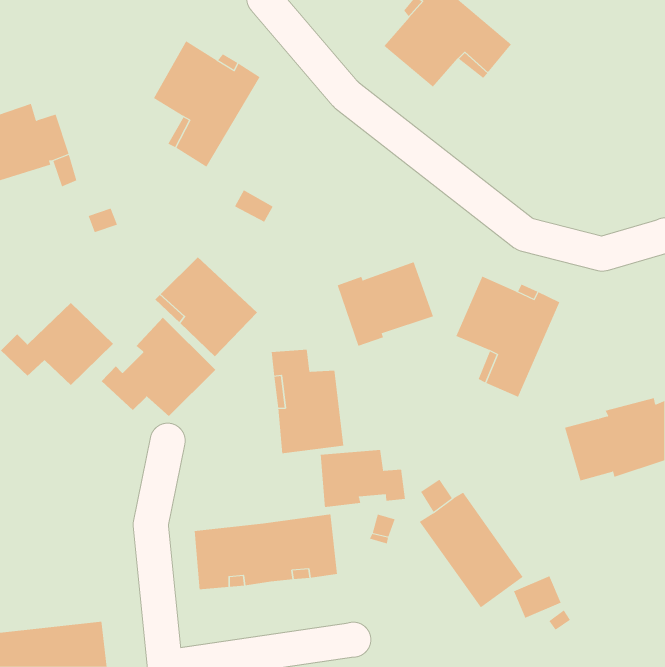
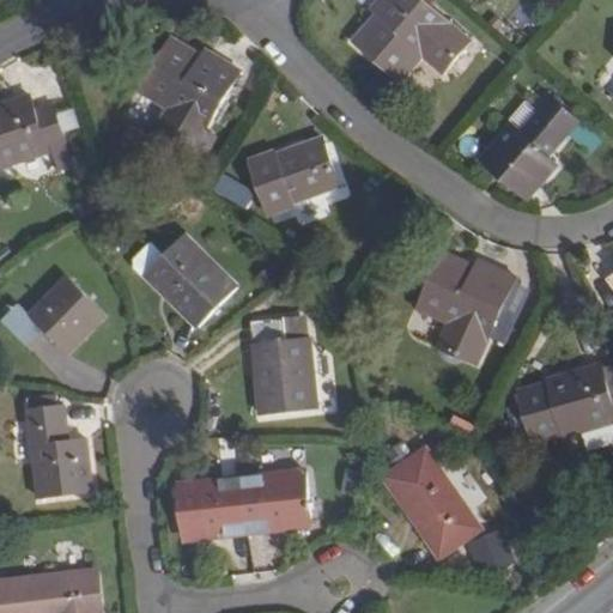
building: none -> [480,97,577,199]
building: [337,262,434,347] -> [248,138,336,216]
building: [101,317,216,417] -> none
building: none -> [24,395,89,498]
building: [320,449,405,508] -> none

